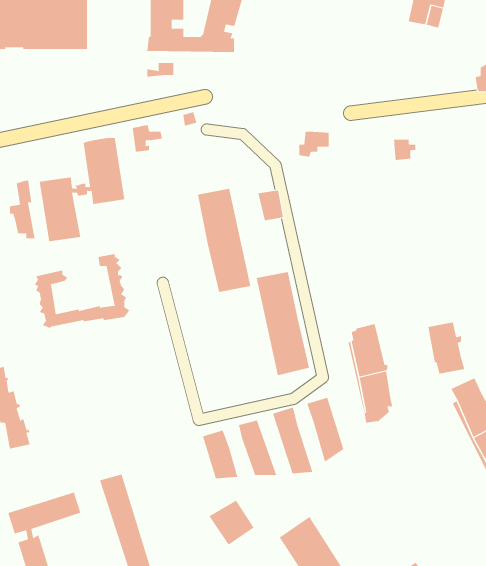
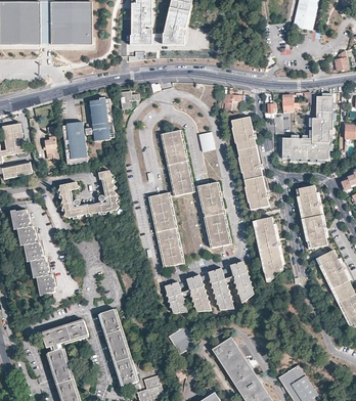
building: none -> [279,95,336,161]
building: none -> [231,117,268,209]
building: none -> [298,184,320,217]
building: none -> [147,191,183,266]

